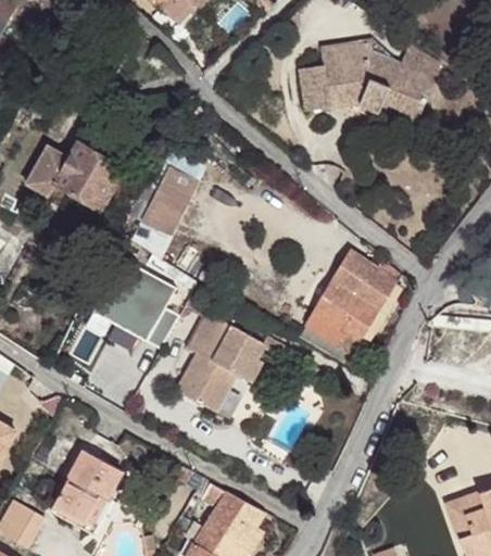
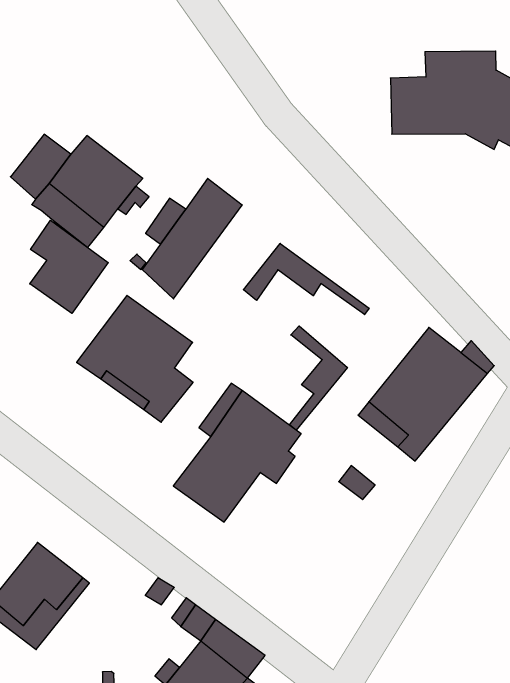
building: none -> [243,243,369,315]
building: none -> [30,220,108,313]
building: none -> [290,326,347,430]

